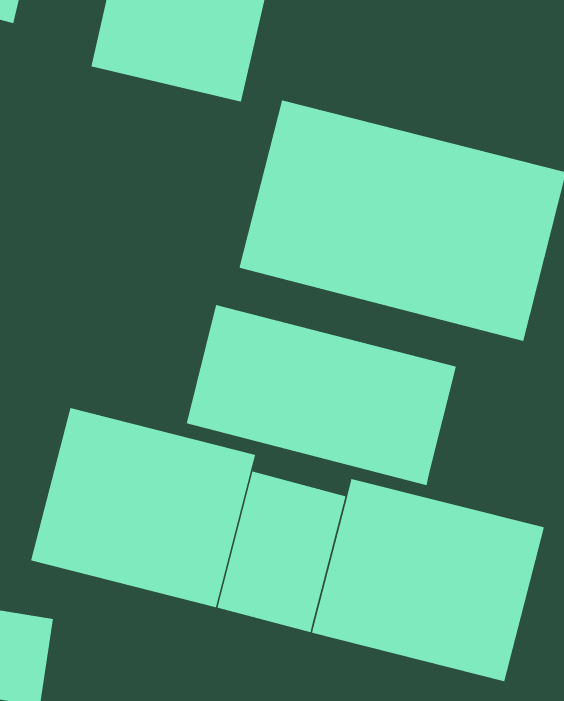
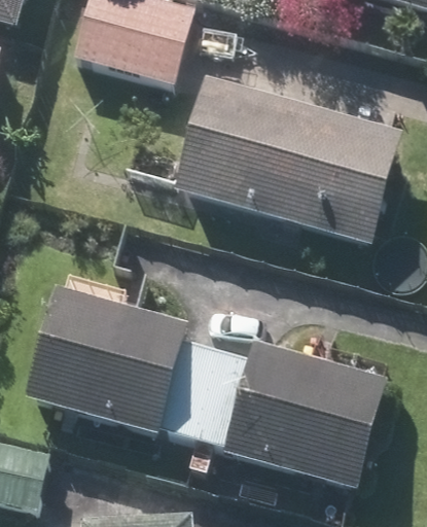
building: [186,304,457,486] -> none

